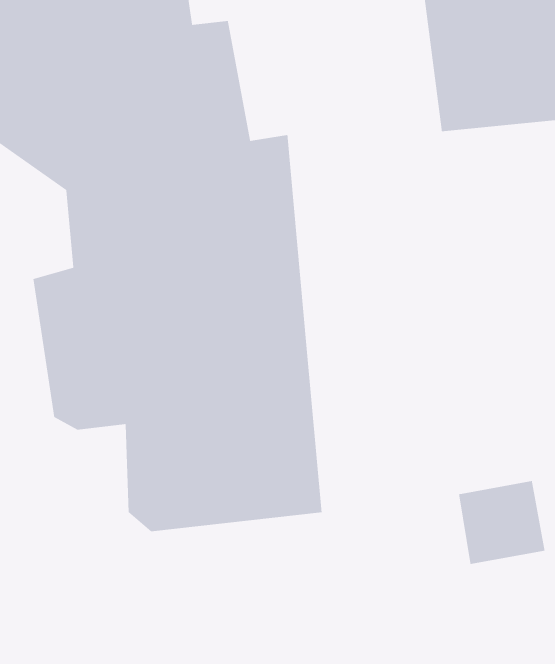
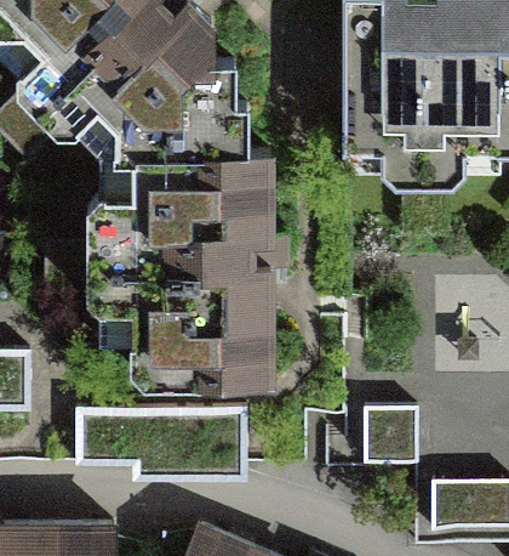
building: none -> [82,421,240,477]

